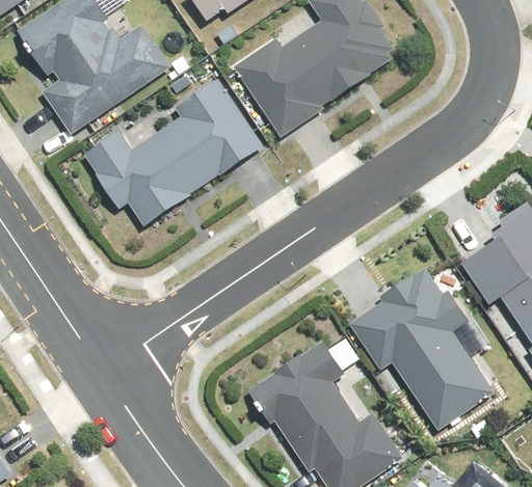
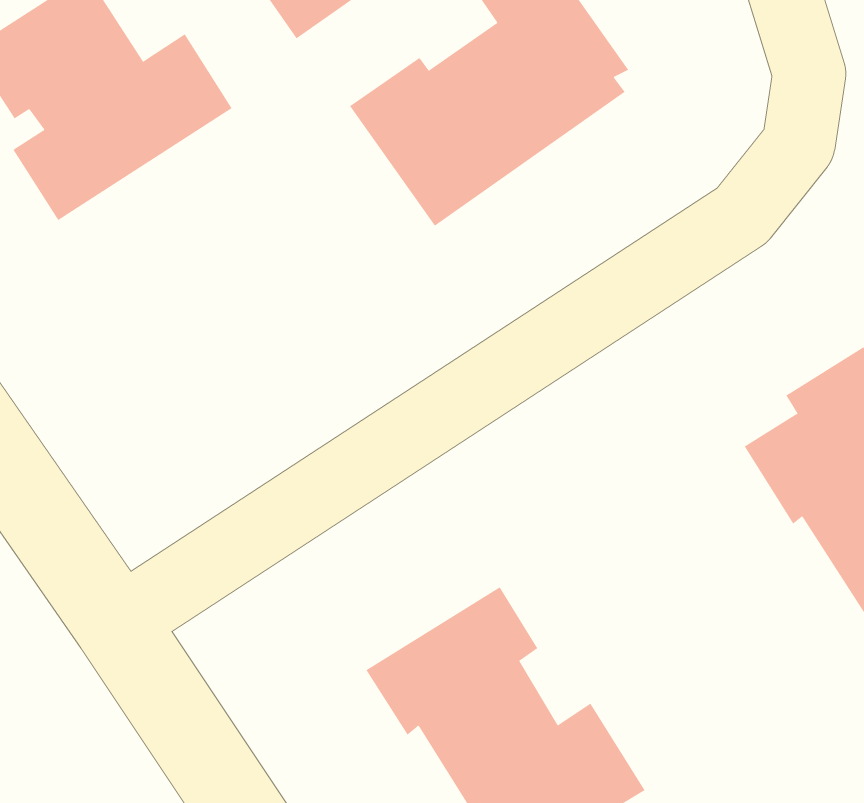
building: [80,77,261,224] -> none
building: [347,266,490,427] -> none

